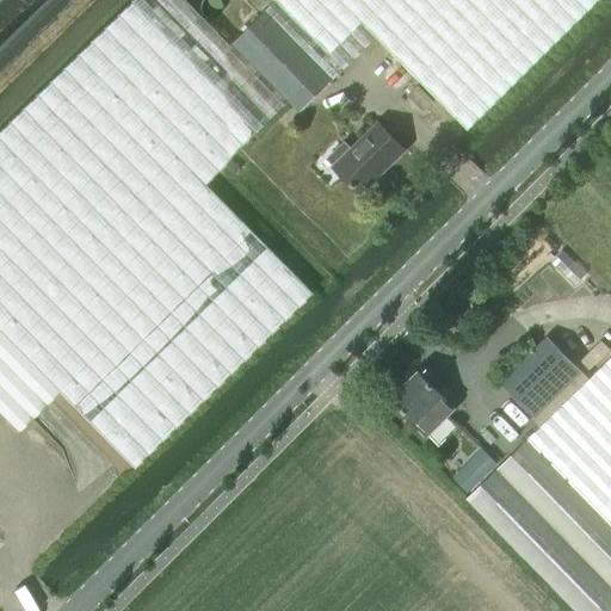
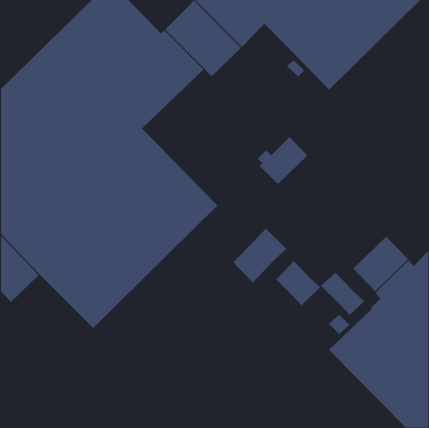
building: [331,123,403,192] -> [257,136,308,185]
building: none -> [232,228,287,283]
building: none -> [320,272,365,316]

